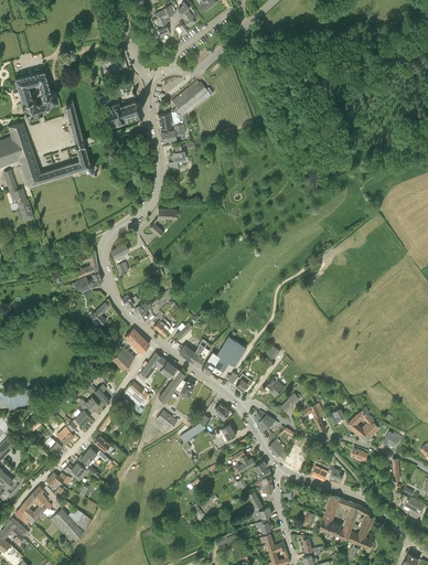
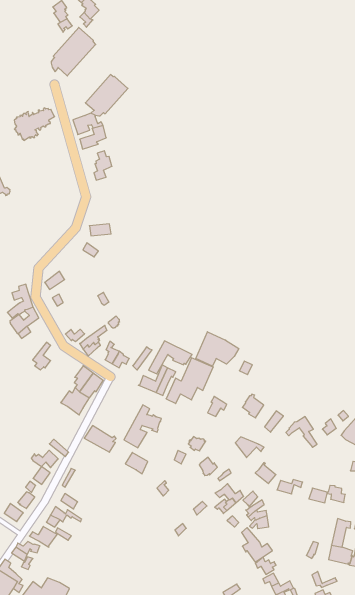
building: none -> [51,27,96,76]
building: none -> [196,332,239,366]
building: [138,353,178,381] -> [149,341,192,374]

